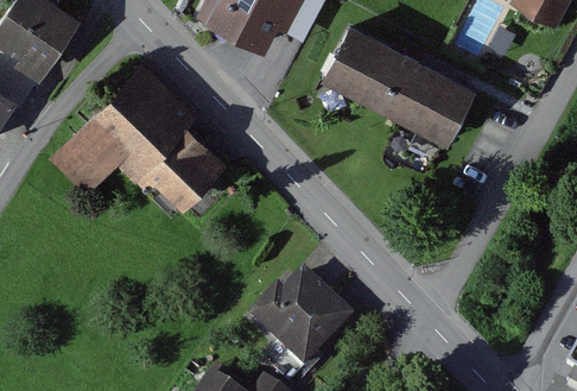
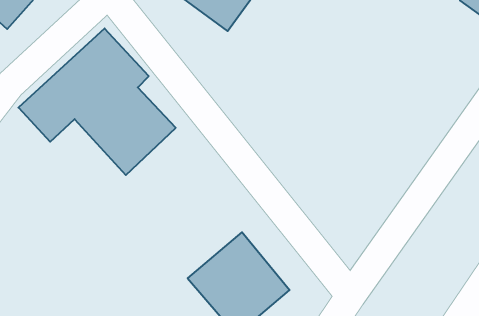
building: [323,26,471,141] -> none

